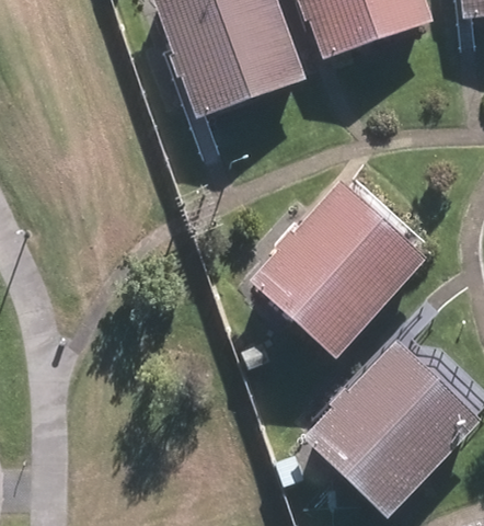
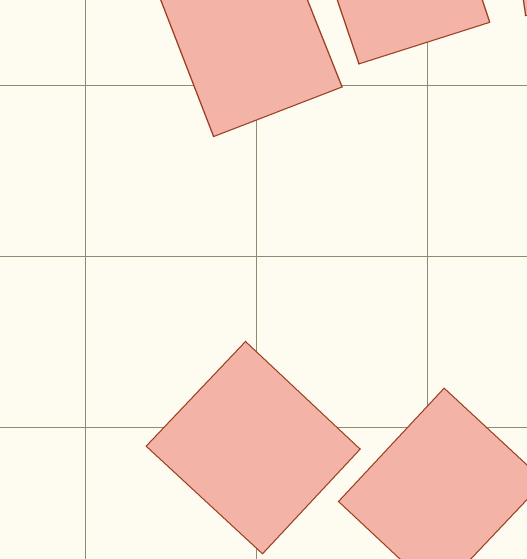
building: [249,179,427,356] -> none
building: none -> [146,341,360,554]

